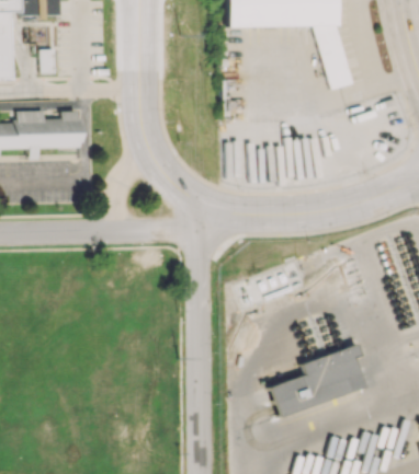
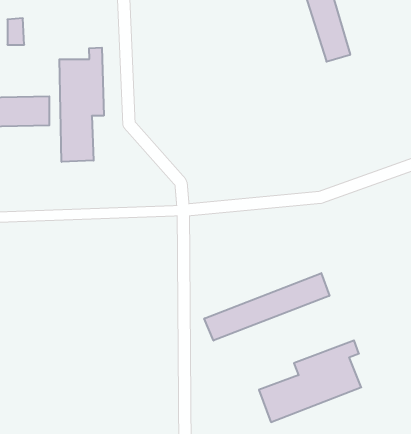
building: none -> [59,48,104,162]
building: none -> [204,273,329,341]

